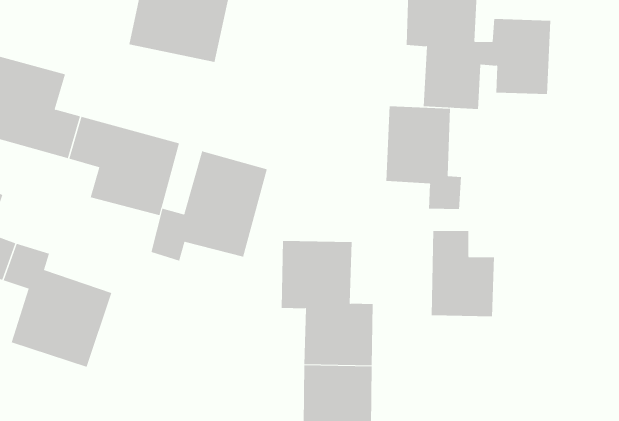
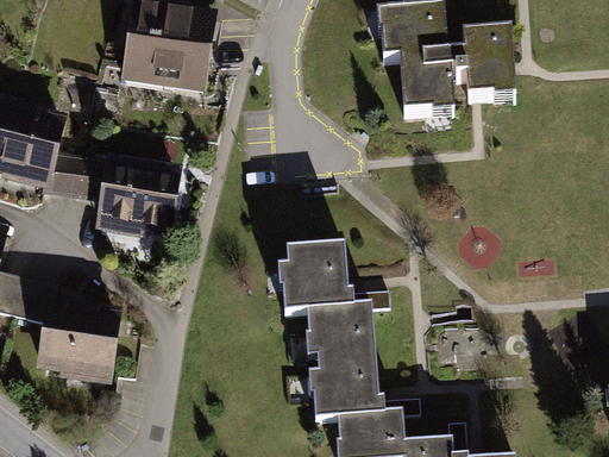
building: [386,106,461,210] -> none
building: [151,151,267,261] -> none
building: [431,230,494,317] -> none

